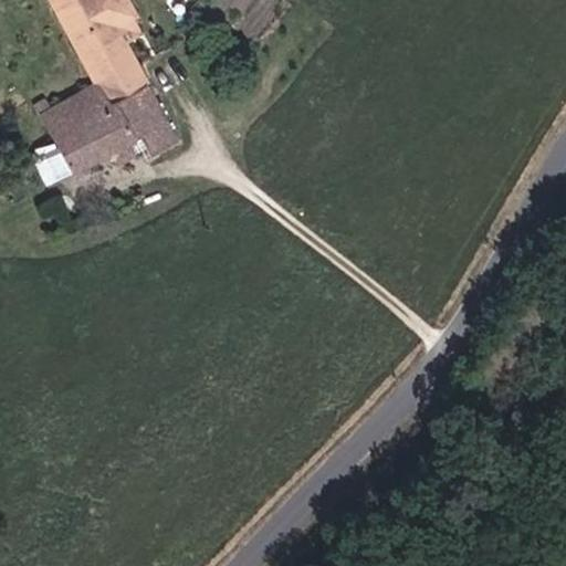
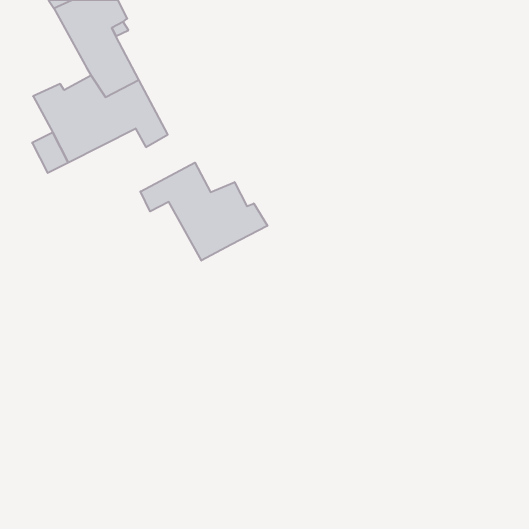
building: none -> [140,163,267,261]

